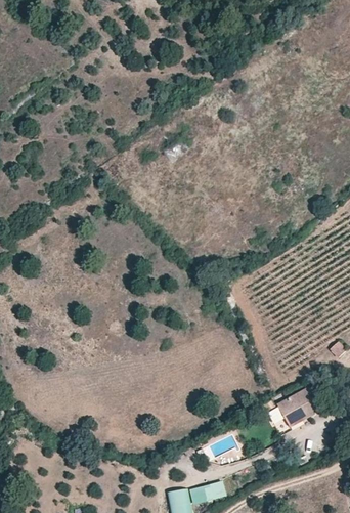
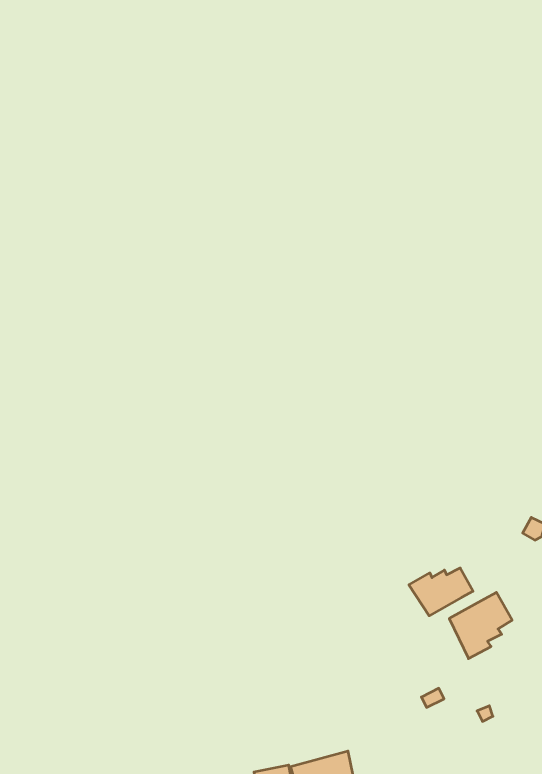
building: none -> [409,568,473,616]

